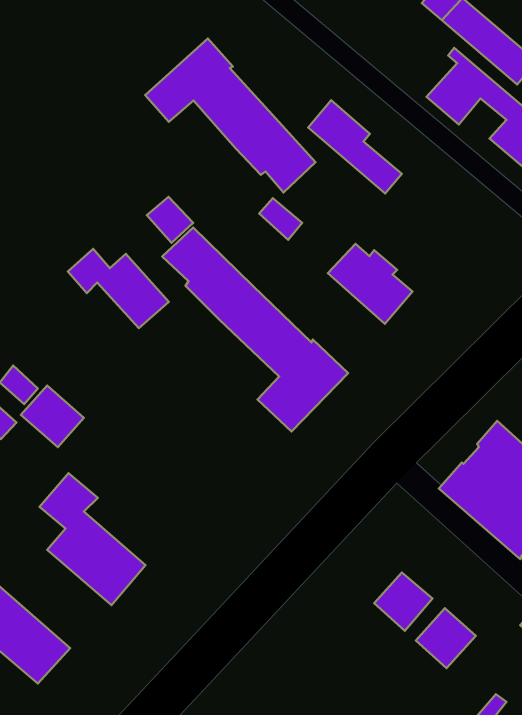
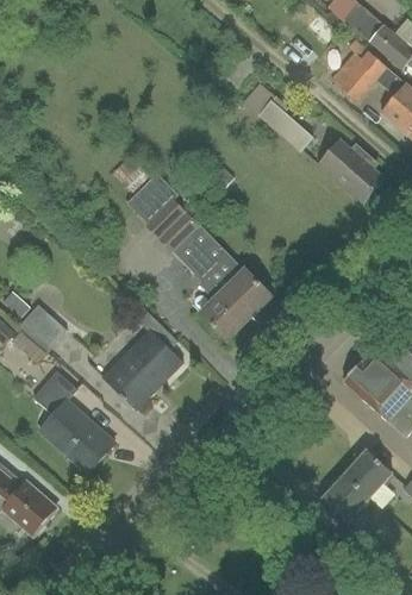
building: [145,39,315,192] -> none
building: [328,244,412,324] -> [320,139,386,201]
building: [68,249,169,328] -> none
building: none -> [102,312,183,411]
building: [374,572,432,631] -> [347,451,392,496]

